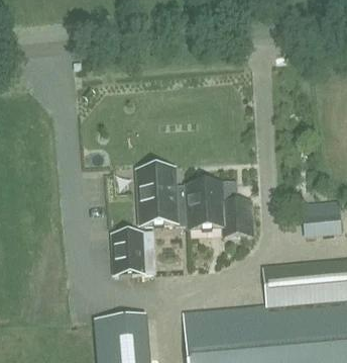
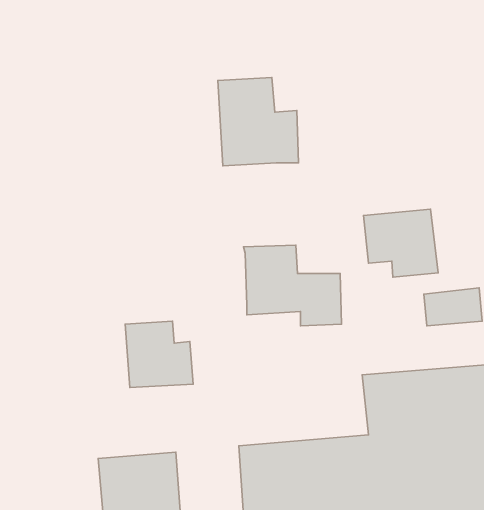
building: none -> [364,209,438,277]
building: [138,168,190,224] -> [218,77,299,166]

